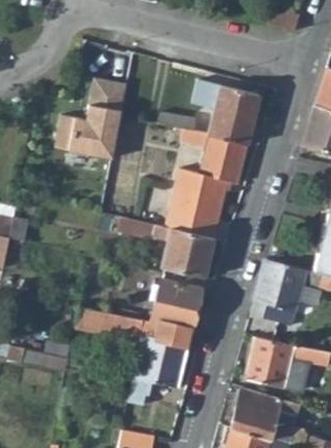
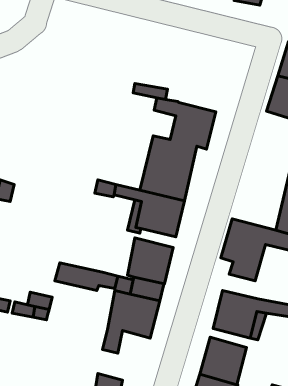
building: [54,79,127,160] -> none
building: [208,85,260,145] -> none

